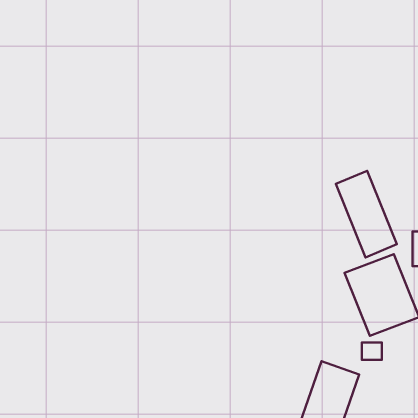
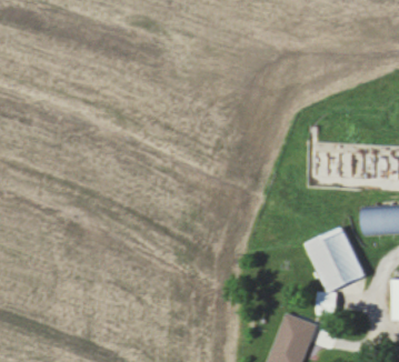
building: [336,171,397,257] -> none

